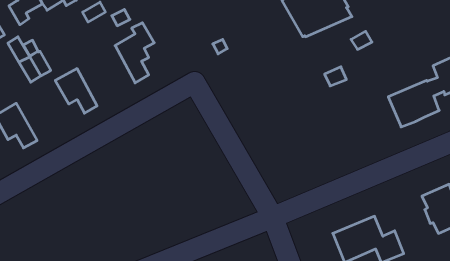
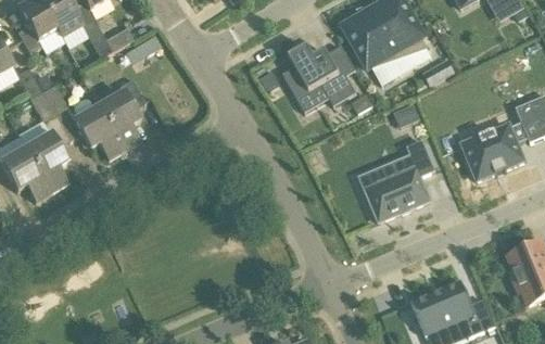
building: none -> [282,44,356,104]
building: [115,23,154,83] -> [98,78,144,150]
building: none -> [25,132,65,191]
building: none -> [365,140,434,220]

